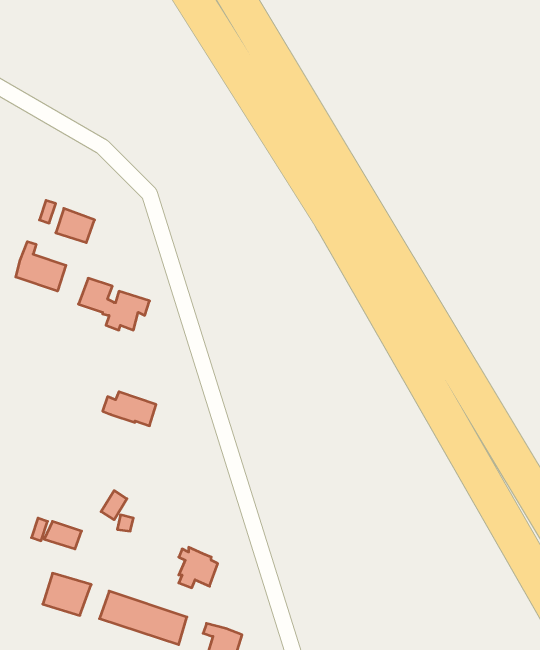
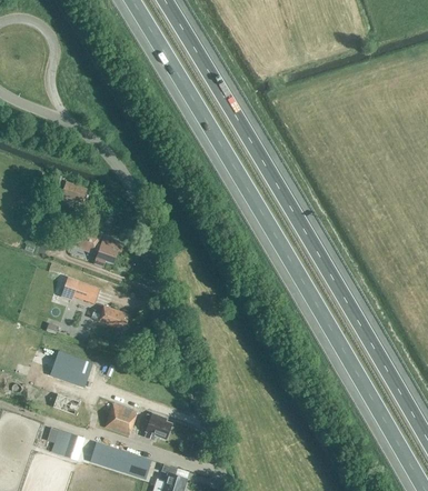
building: [16,242,66,291] -> none
building: none -> [59,277,99,303]
building: none -> [49,351,91,387]
building: none -> [103,403,136,435]

